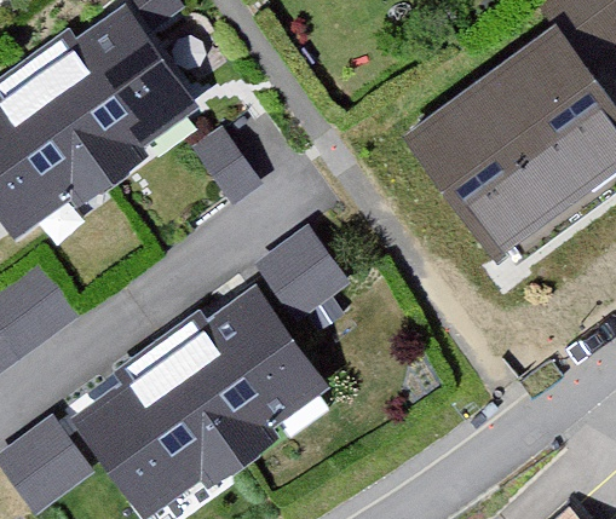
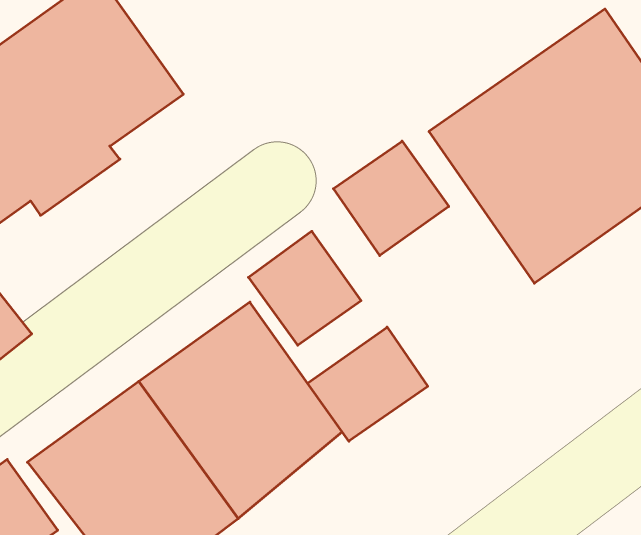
building: none -> [333,141,449,256]
building: none -> [308,327,428,441]

